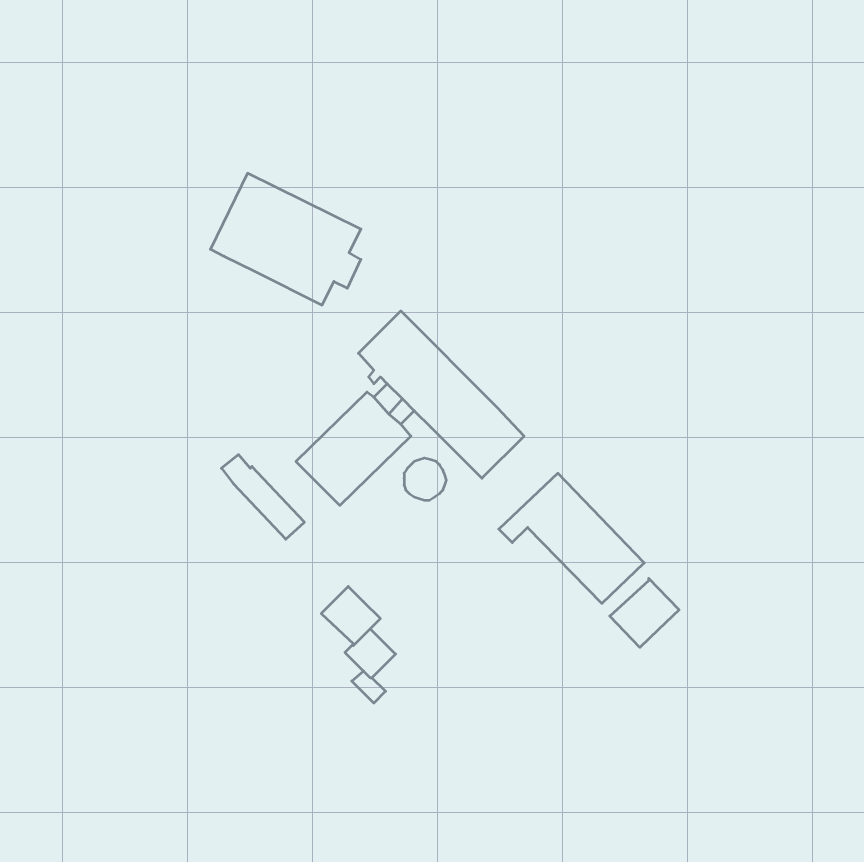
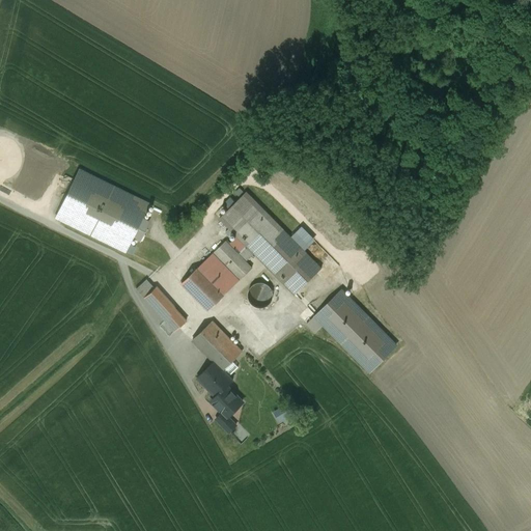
building: [210,173,361,305] -> [56,169,148,250]
building: none -> [193,320,243,369]
building: [610,578,679,647] -> none

